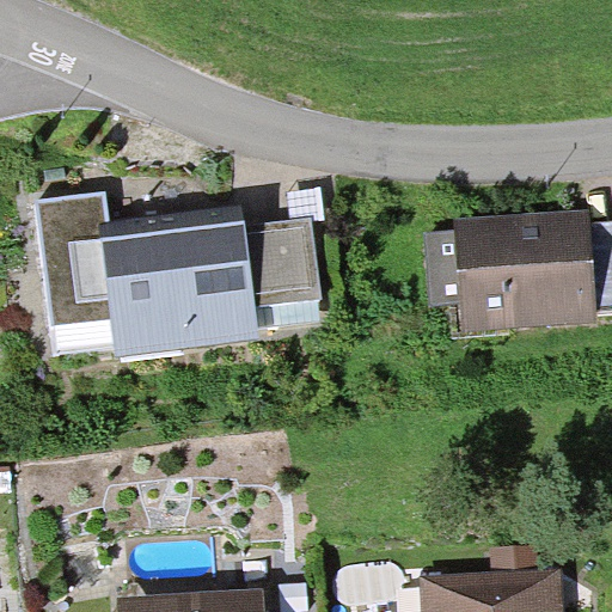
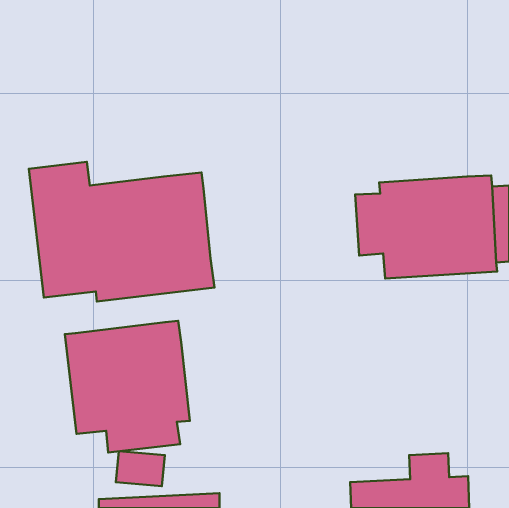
building: [244,219,320,310] -> none
building: none -> [65,321,190,452]

